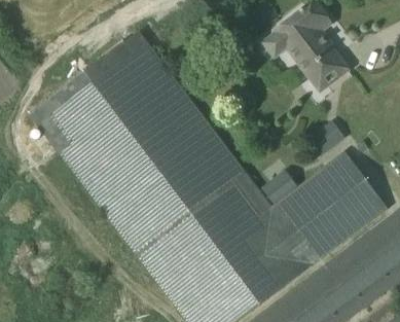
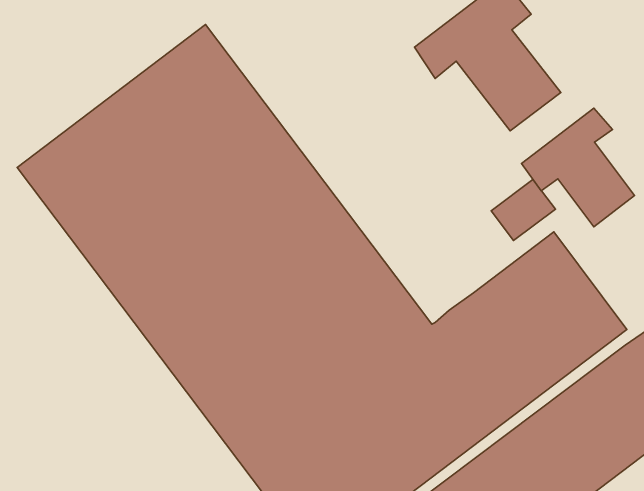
building: none -> [522,108,635,227]
building: [262,172,297,205] -> none

